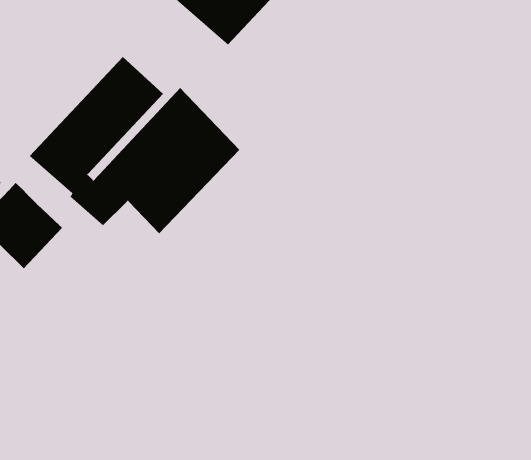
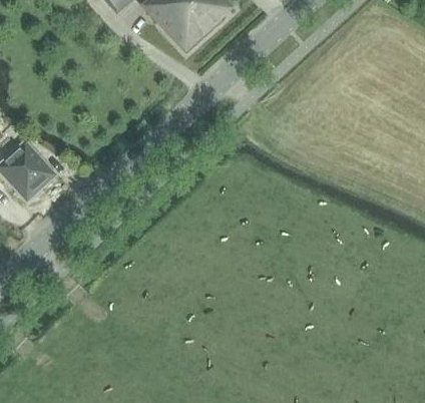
building: [29,56,240,234] -> none

